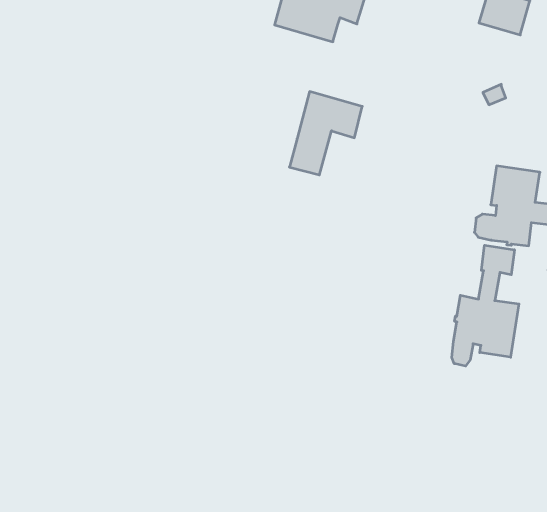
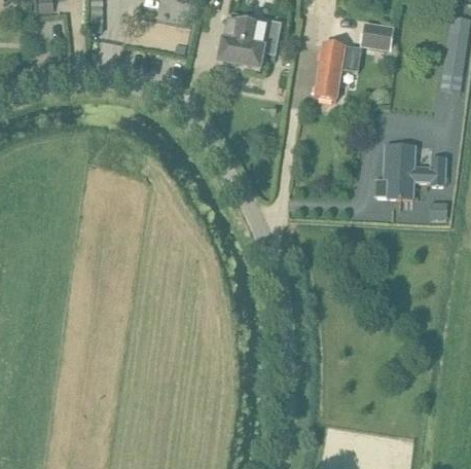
building: [289,92,362,175] -> [315,41,361,99]
building: [452,245,519,366] -> none

